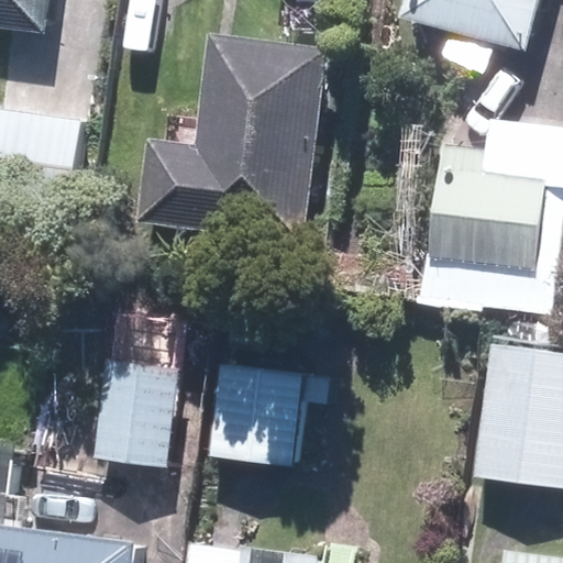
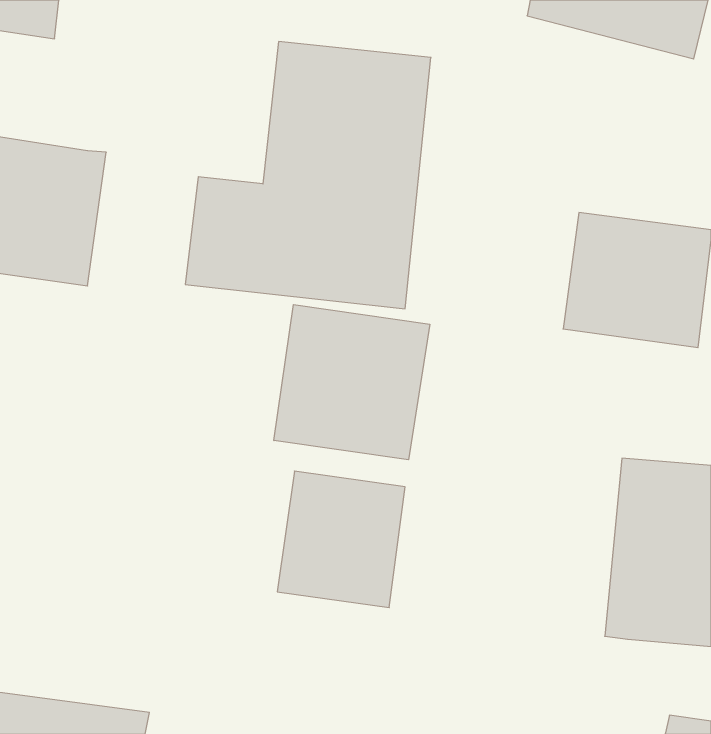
building: none -> [274,305,430,460]
building: [99,314,202,461] -> none

